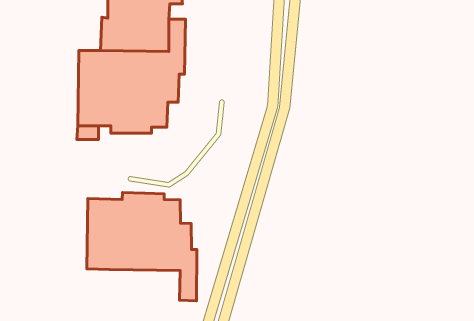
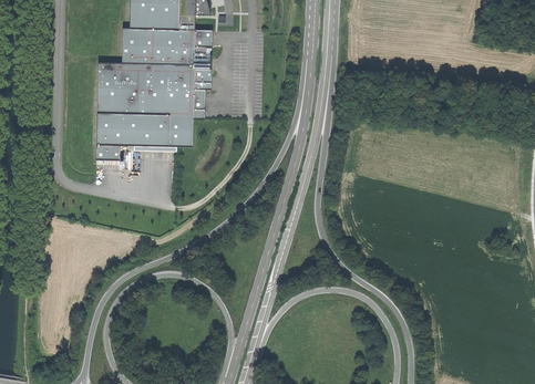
building: [87,193,197,301] -> none

